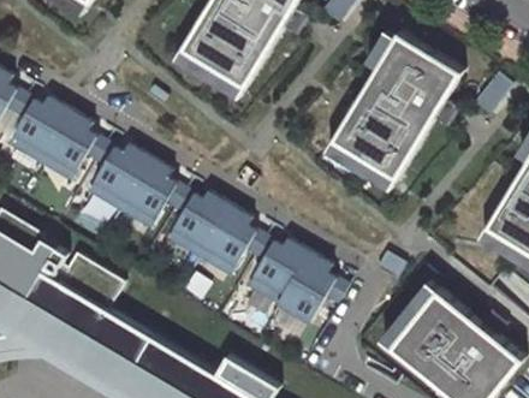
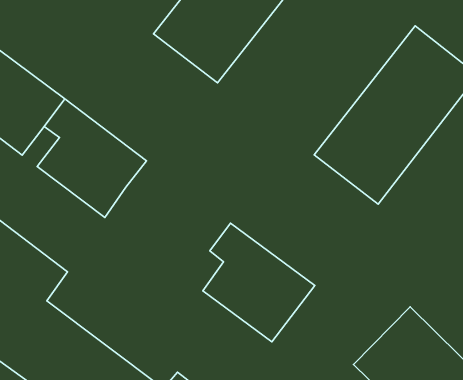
building: [160,176,258,277] -> none

